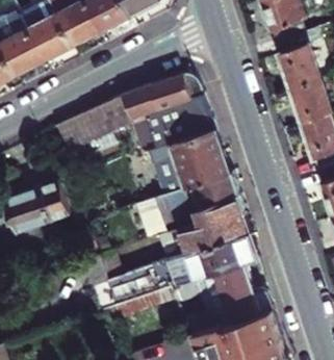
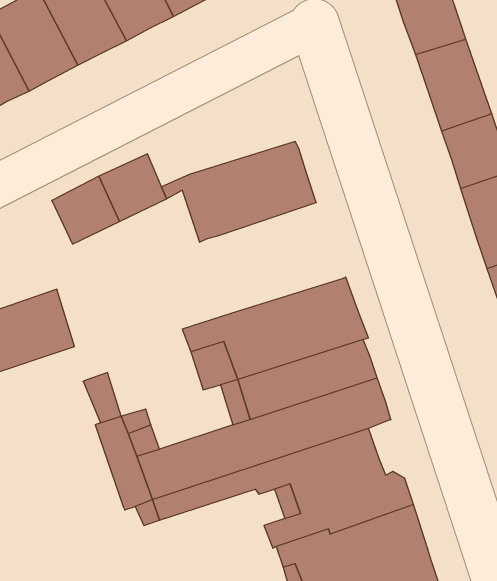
building: [113,76,202,120] -> none
building: [149,129,230,196] -> none

